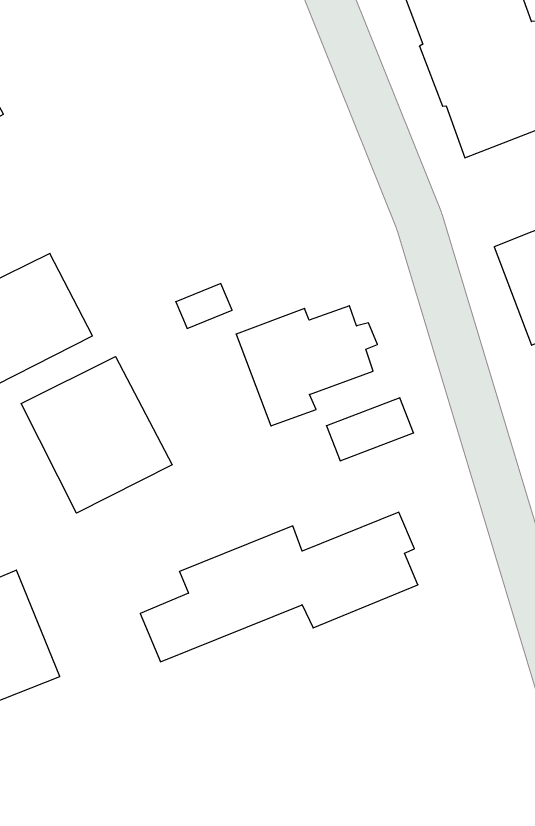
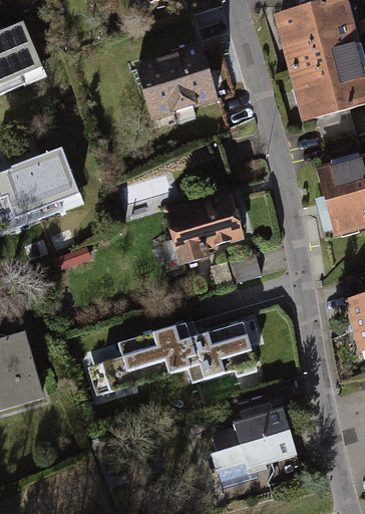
building: none -> [138,48,215,117]
building: [21,357,172,513] -> none
building: none -> [212,408,297,481]

